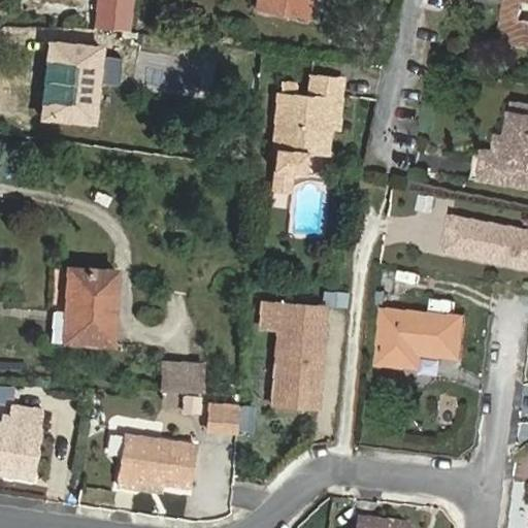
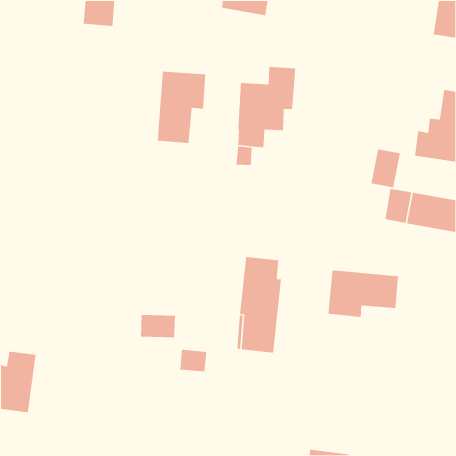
building: [40,40,101,124] -> none
building: none -> [157,71,206,144]
building: none -> [371,148,401,188]
building: [65,269,116,342] -> none
building: [118,434,194,488] -> none

